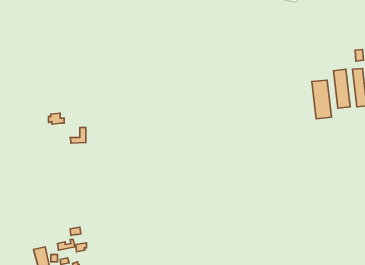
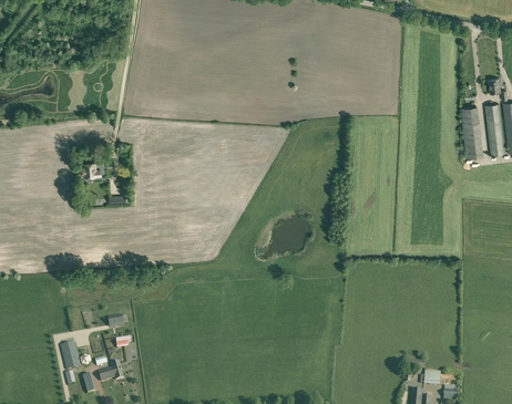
building: [312,80,331,119] -> none

